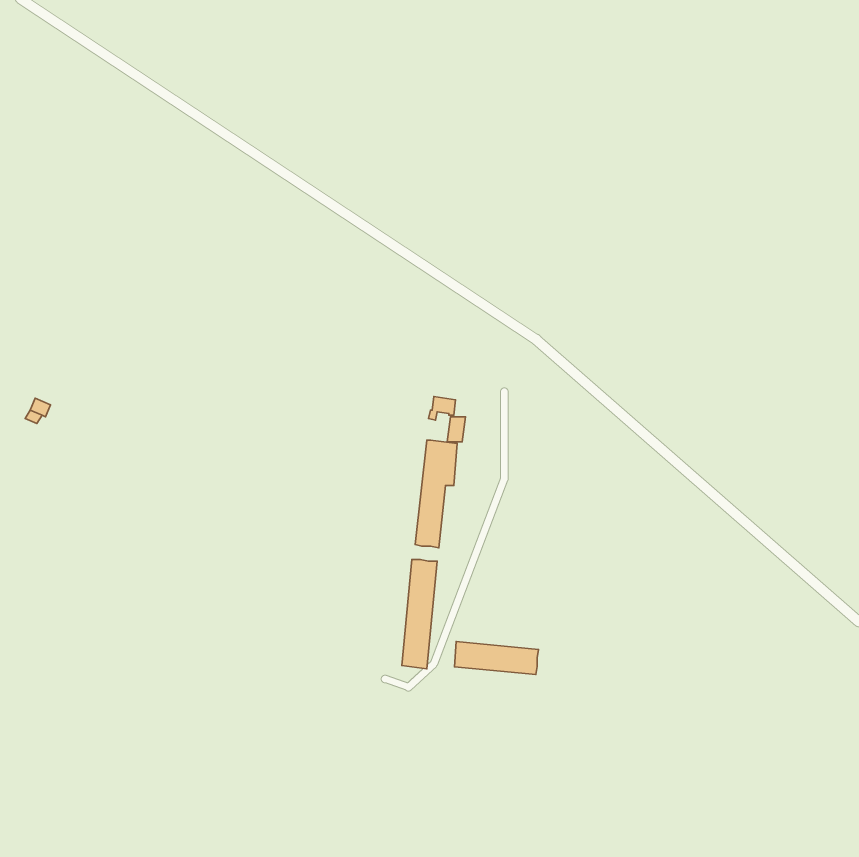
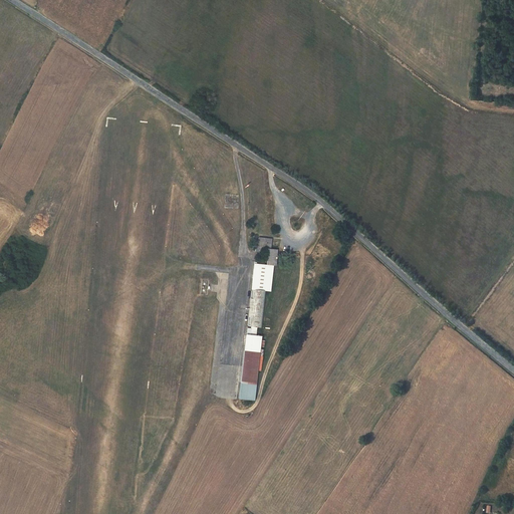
building: [455,642,539,675] -> none

